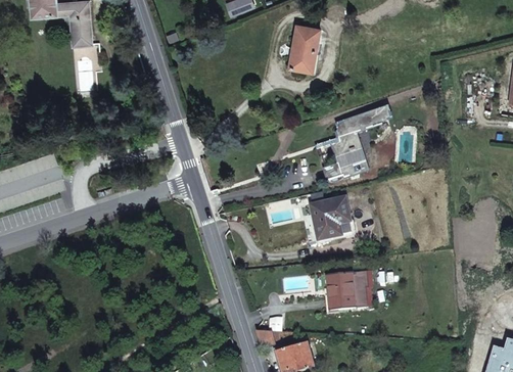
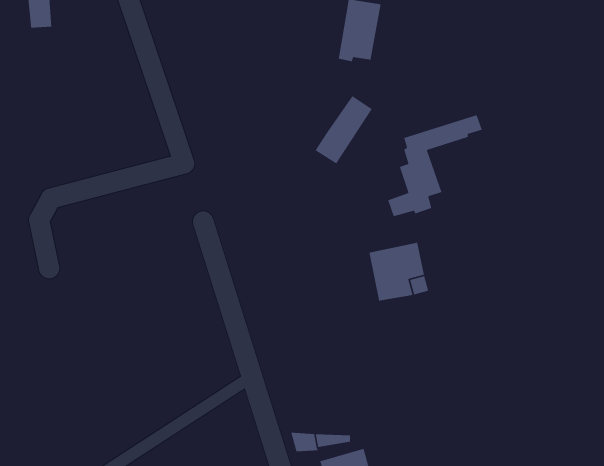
building: none -> [314,95,373,165]
building: [327,271,368,310] -> none

